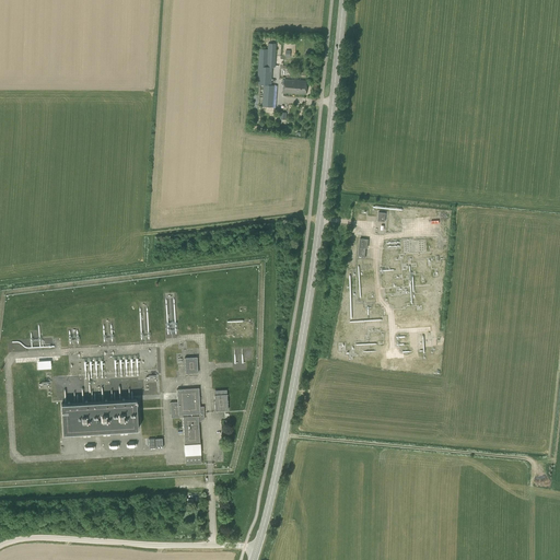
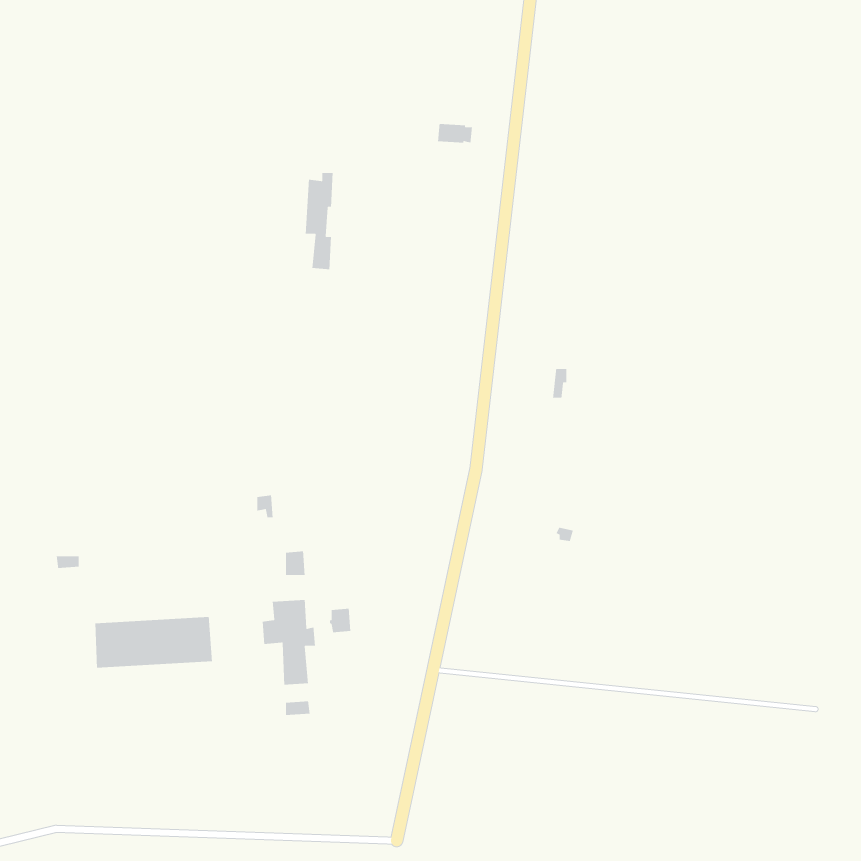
building: [258,45,277,108] -> [305,172,333,270]

